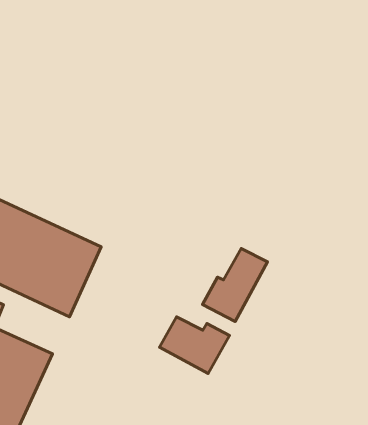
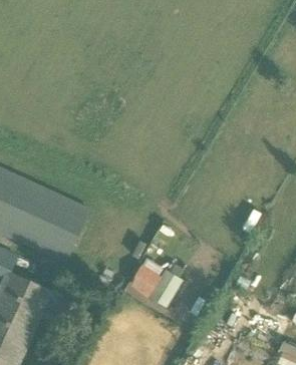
building: [203,249,267,322] -> none

